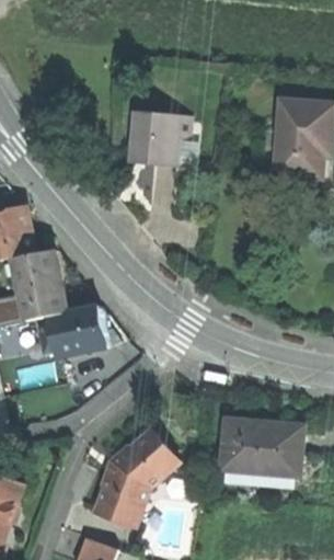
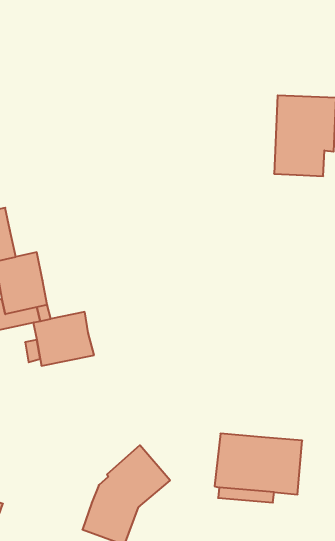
building: [131,111,188,164] -> none

